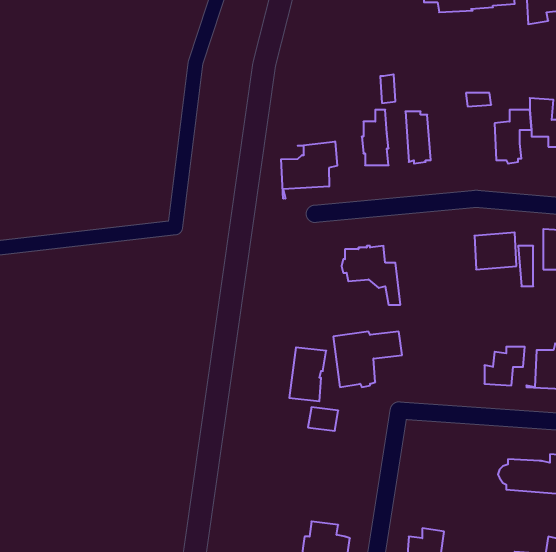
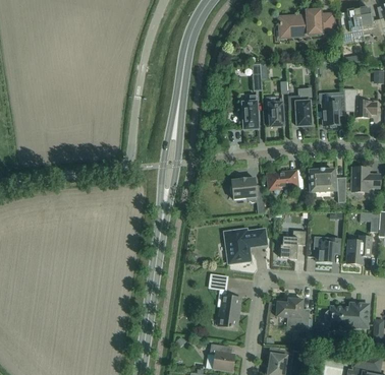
building: none -> [288,95,312,125]
building: [281,141,337,199] -> none
building: none -> [268,171,298,188]
building: none -> [278,230,307,257]
building: [289,347,326,401] -> [219,295,241,327]
building: none -> [277,297,310,330]

